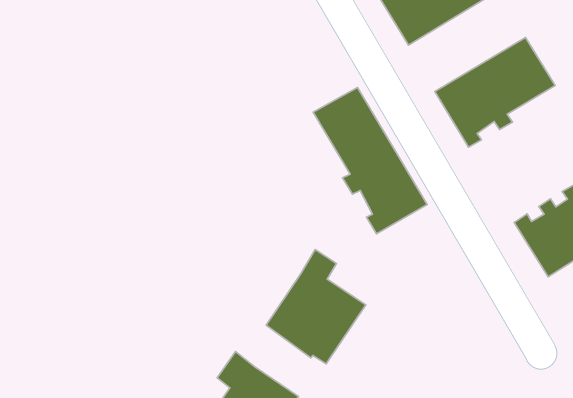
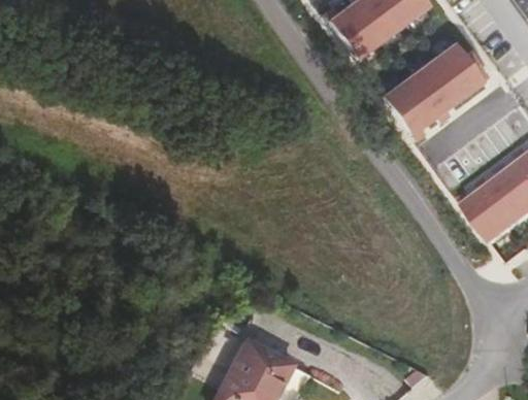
building: [313,87,427,234] -> none
building: [266,250,366,364] -> none

